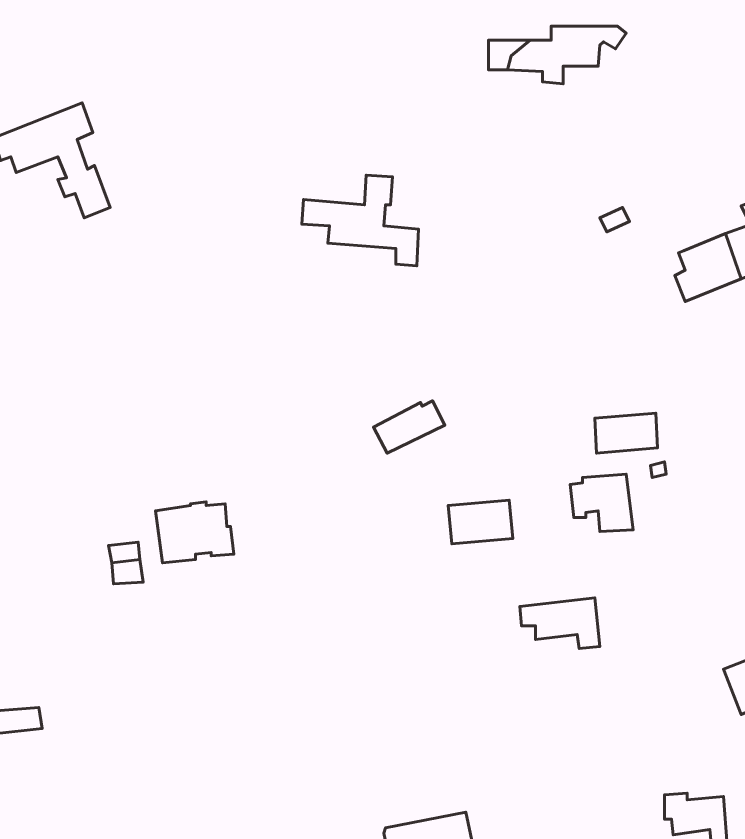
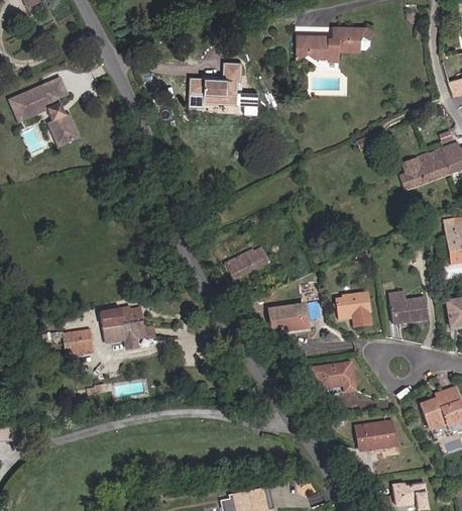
building: [302,175,419,266] -> [187,63,254,115]
building: [595,413,658,453] -> [391,299,428,322]
building: none -> [357,418,394,457]

